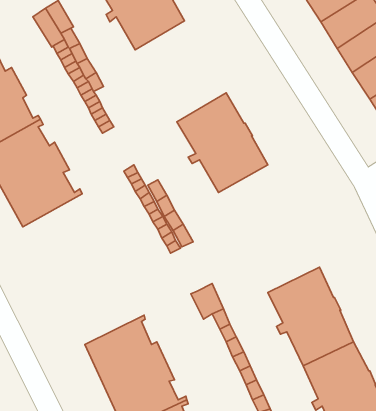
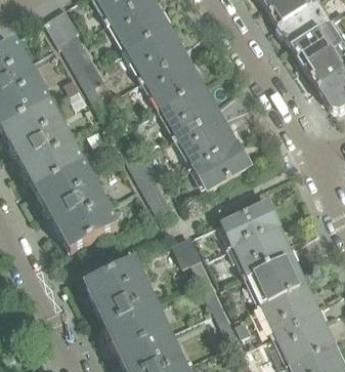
building: none -> [127,22,201,104]
building: none -> [192,138,250,185]
building: none -> [36,162,117,250]
building: none -> [221,198,278,242]

